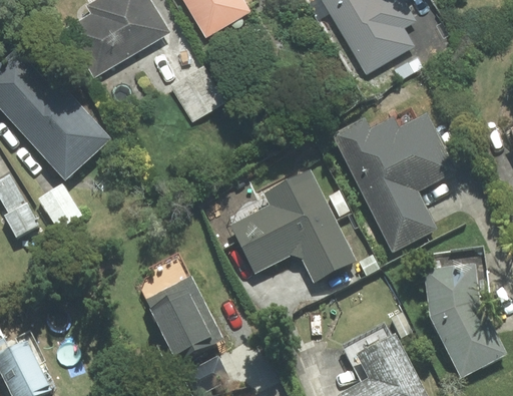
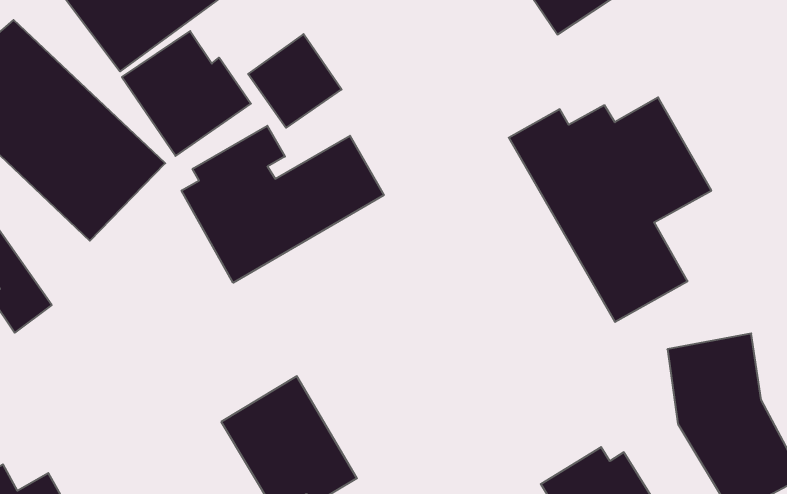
building: none -> [122,31,251,156]
building: none -> [182,126,384,283]
building: [229,160,357,286] -> none

